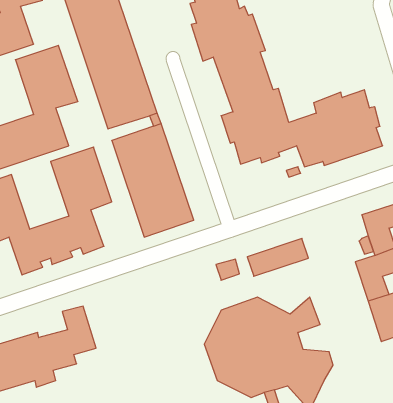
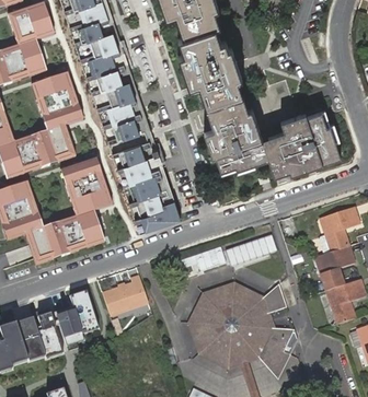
building: none -> [103,277,150,315]

